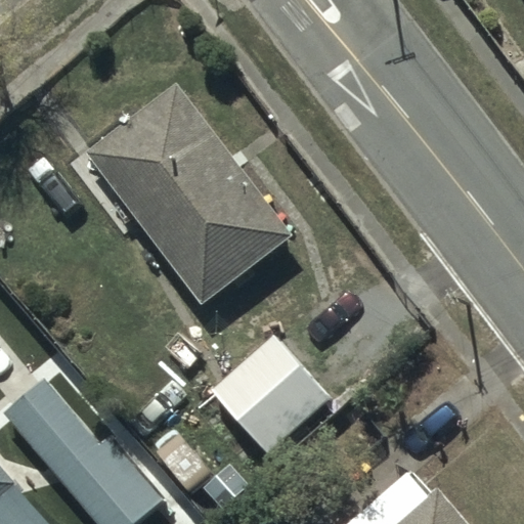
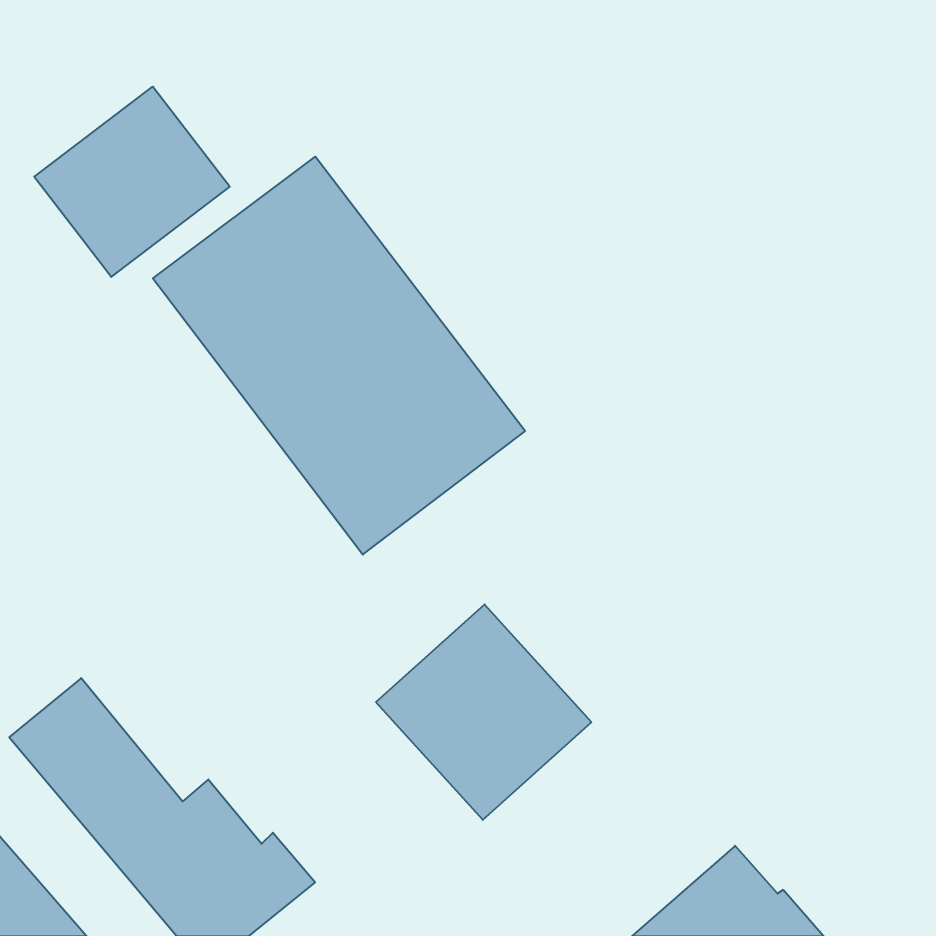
building: none -> [34,87,230,277]

